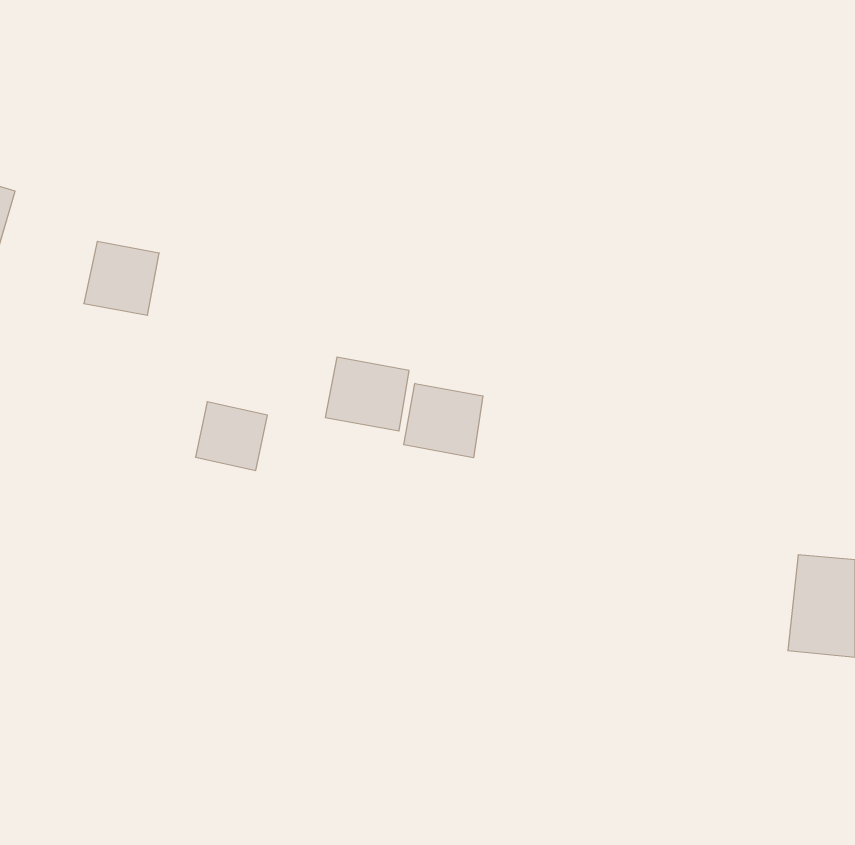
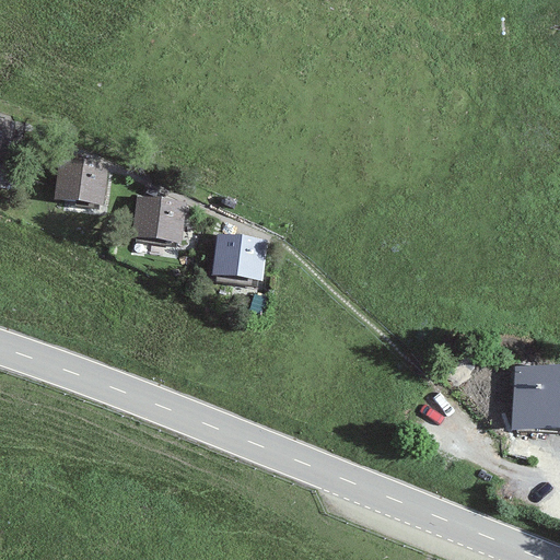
building: [404,383,483,458] -> none
building: [195,402,267,470] -> [133,197,180,242]

